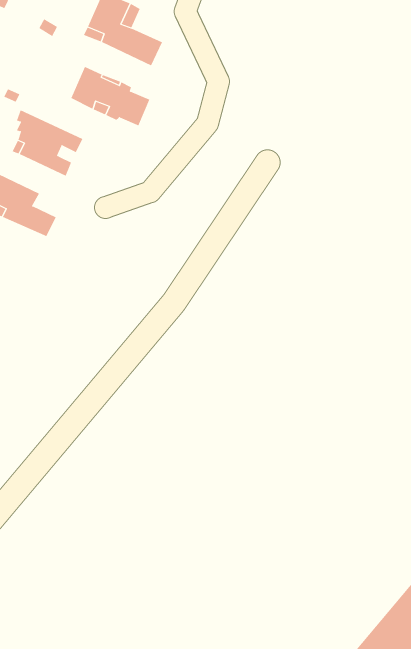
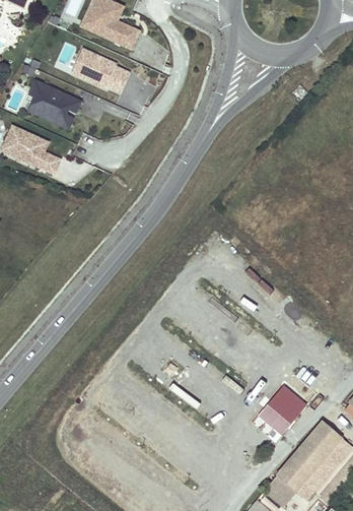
building: none -> [259,385,302,431]

